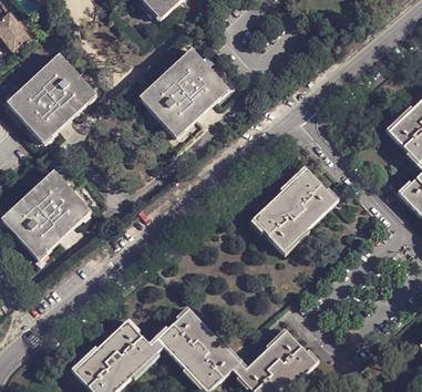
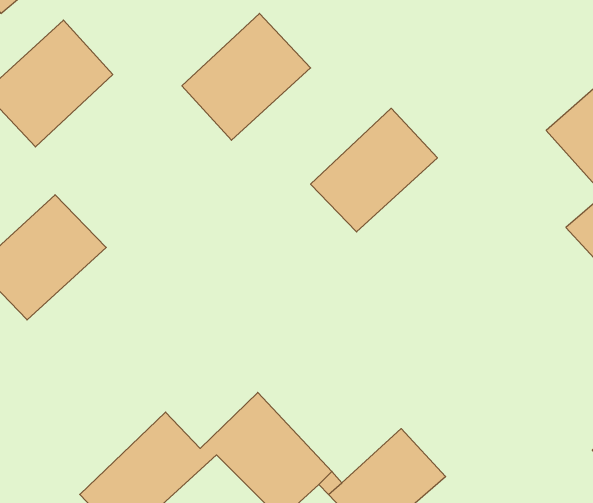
building: [251,167,337,250] -> [311,108,437,232]

